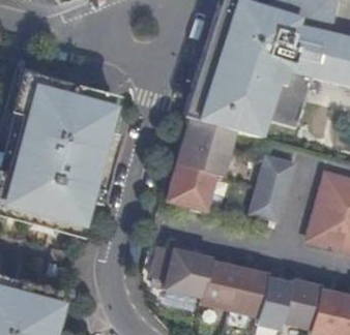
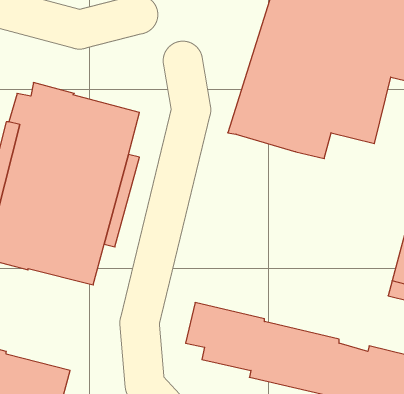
building: [169,118,237,211] -> none
building: [252,155,297,221] -> none

